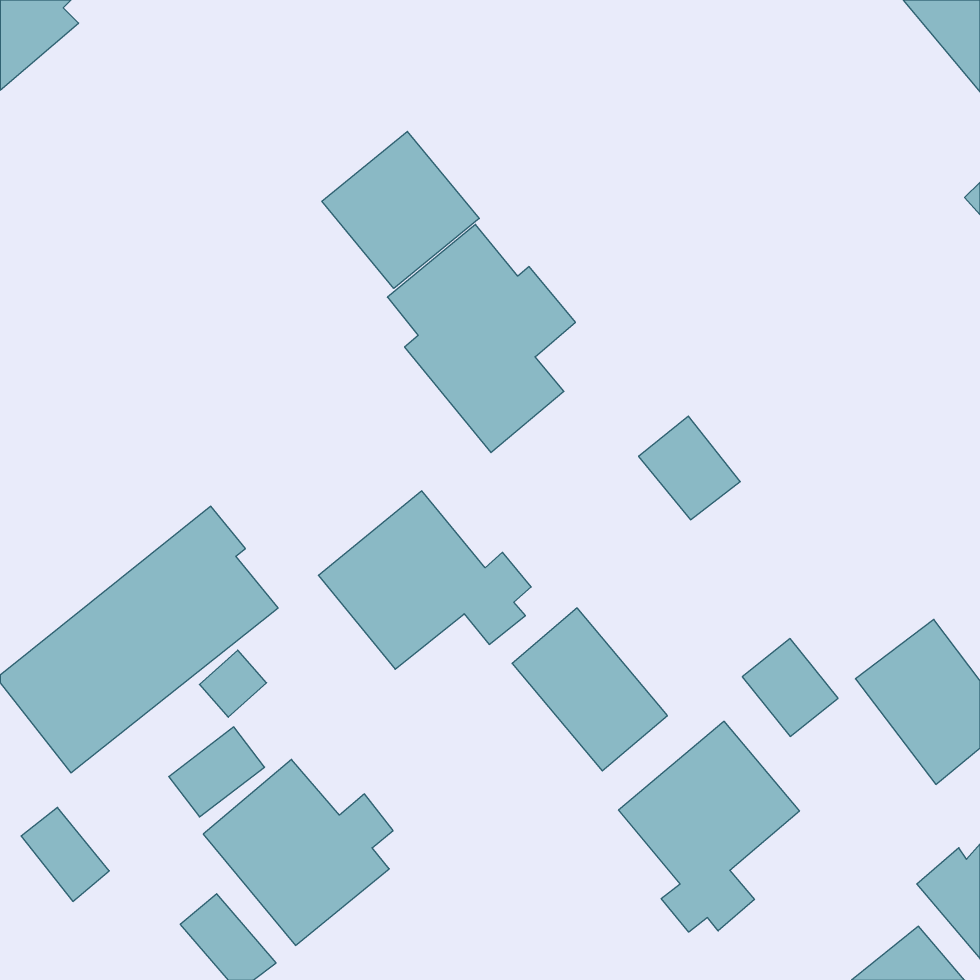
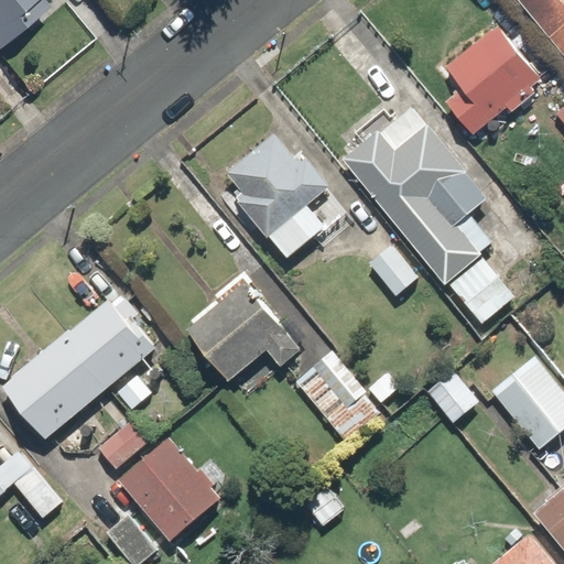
building: none -> [441,24,544,137]
building: [322,131,479,288] -> none
building: none -> [339,106,516,327]
building: [619,721,799,932] -> none

